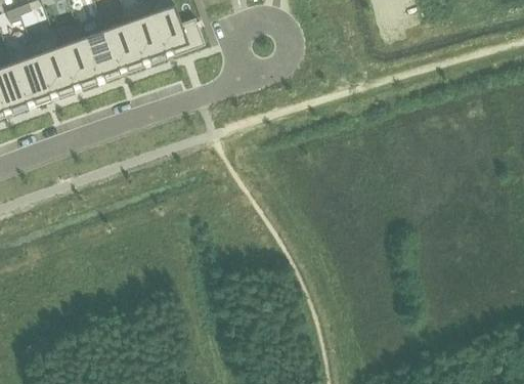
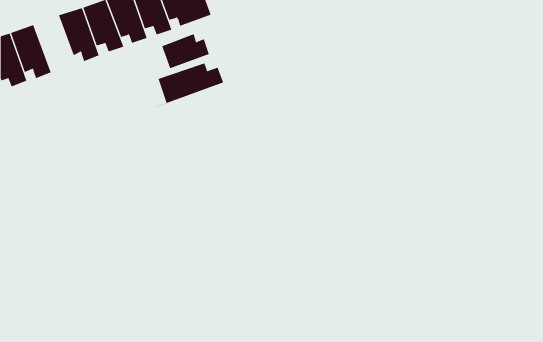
building: [30,36,74,99] -> none
building: none -> [161,31,210,72]
building: none -> [154,59,224,108]

